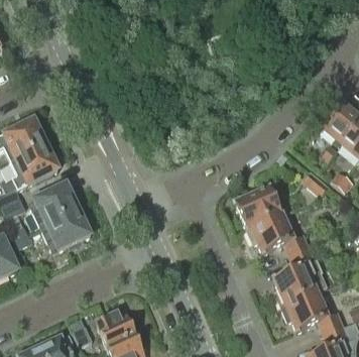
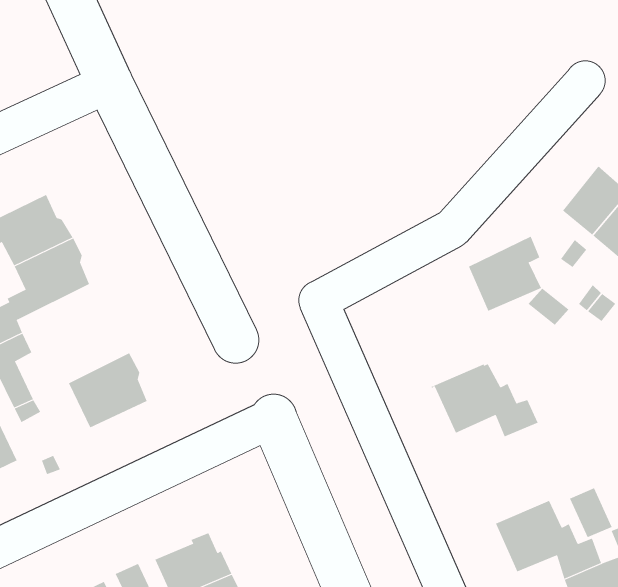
building: [27,183,80,226] -> none
building: [237,184,278,226] -> [468,236,542,311]
building: [273,246,315,303] -> none

